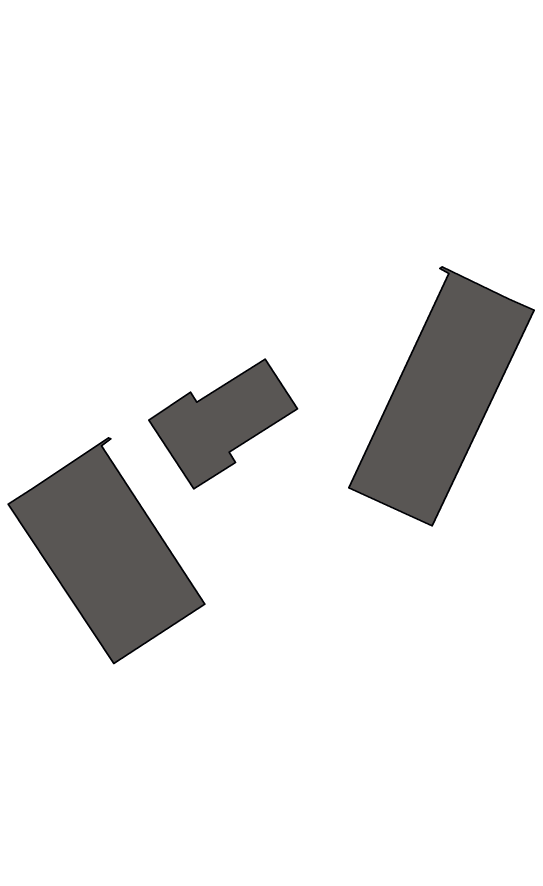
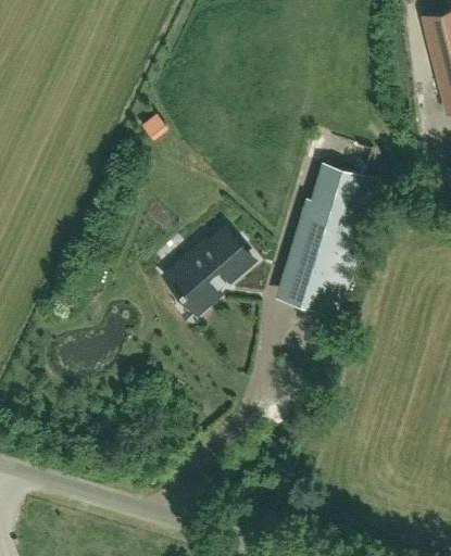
building: [8,438,205,663] -> none

